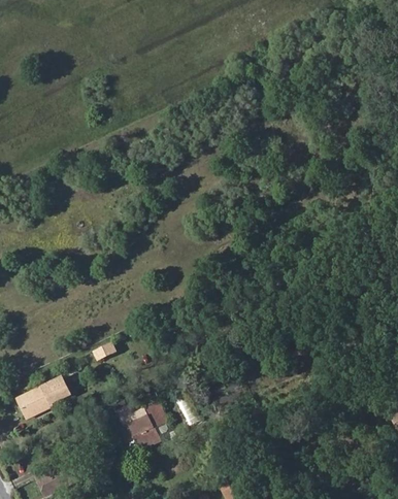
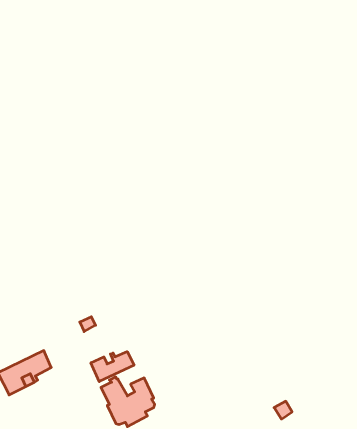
building: none -> [91,352,134,382]

